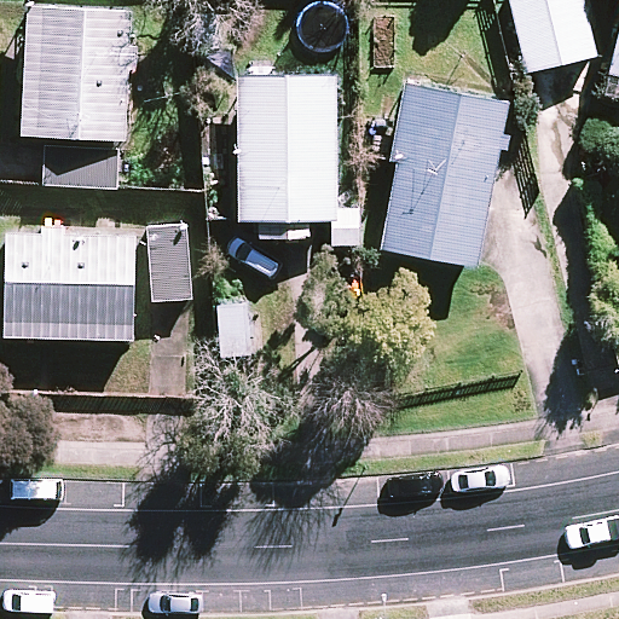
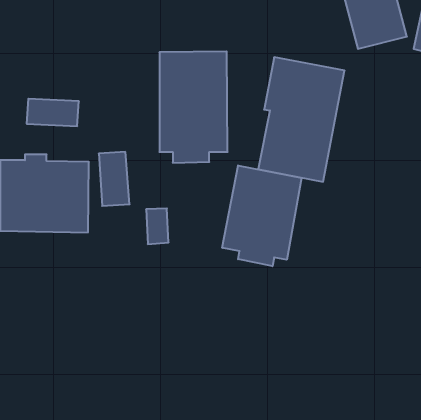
building: [21,7,133,141] -> none
building: none -> [222,165,302,266]

